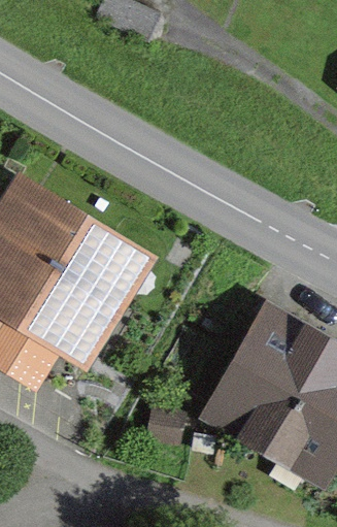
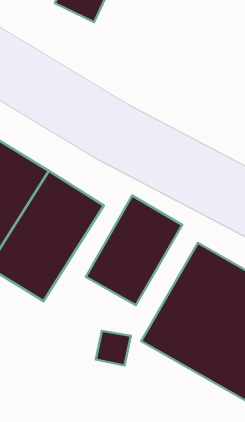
building: none -> [86,195,182,305]

